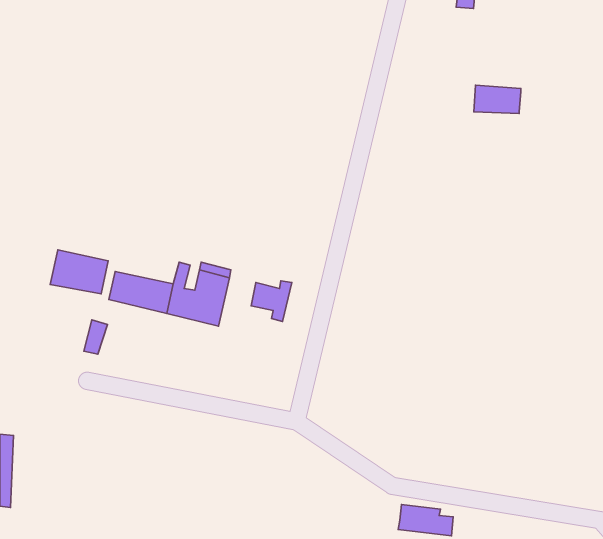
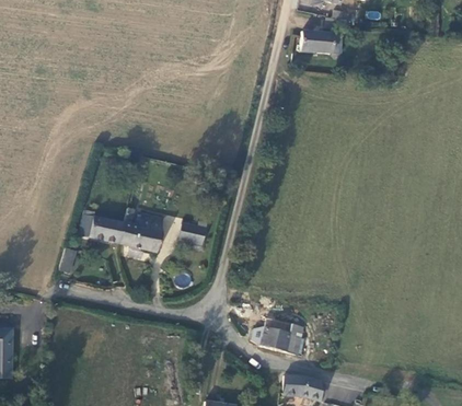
building: [474,85,521,113] -> [299,32,332,51]
building: [50,250,108,294] -> none
building: none -> [250,318,303,355]

